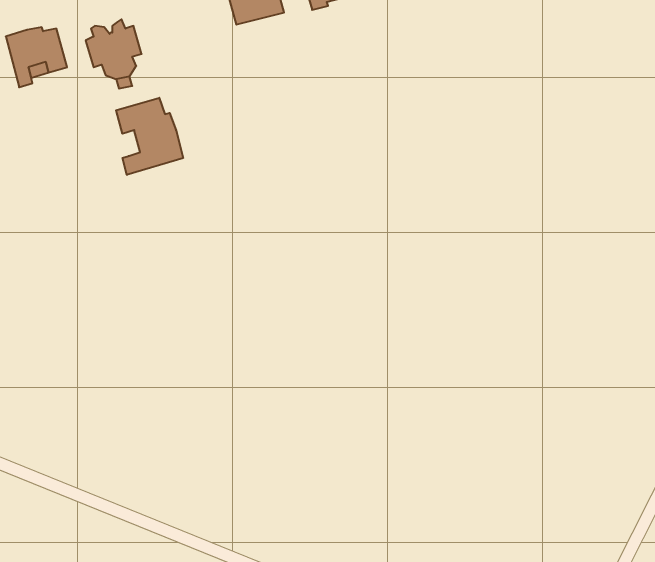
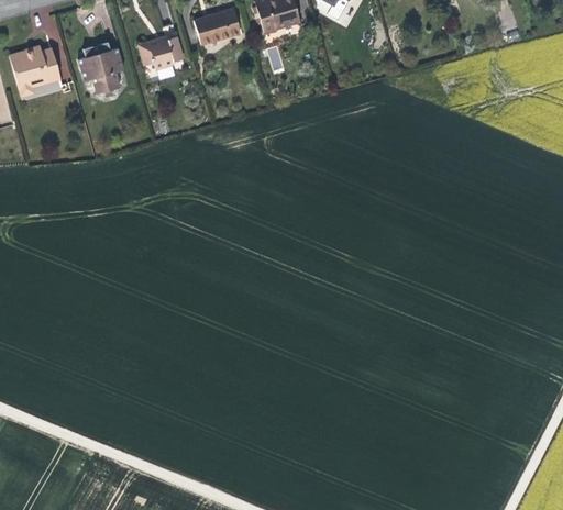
building: none -> [148,34,185,69]
building: [116,98,183,175] -> none

